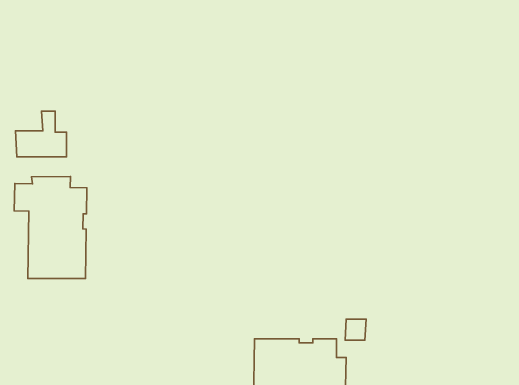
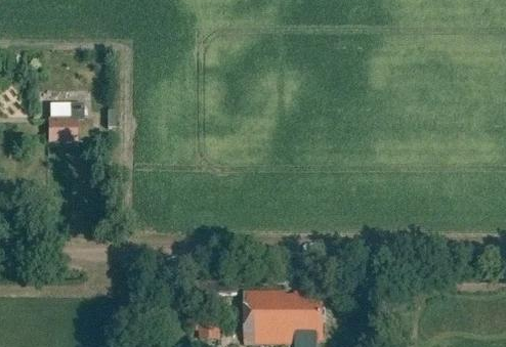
building: [14,177,87,278] -> none

